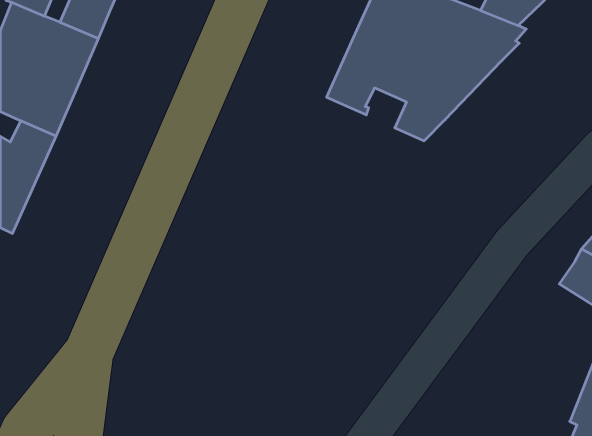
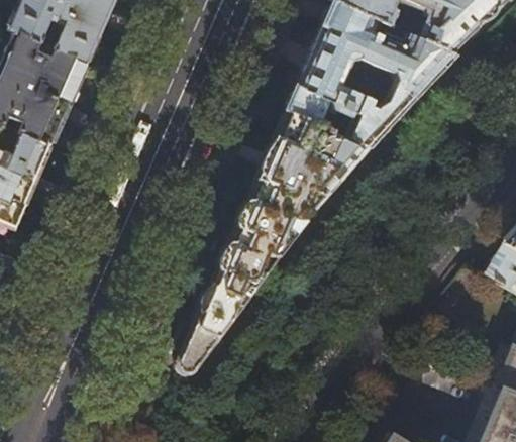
building: none -> [177,111,369,371]

